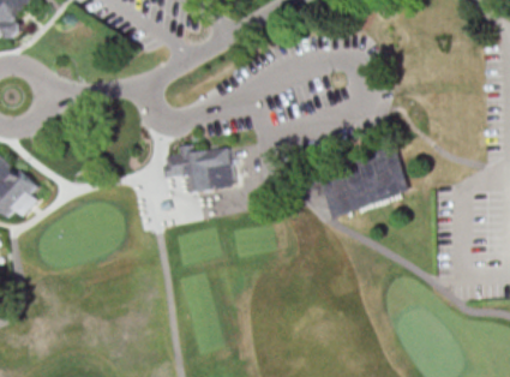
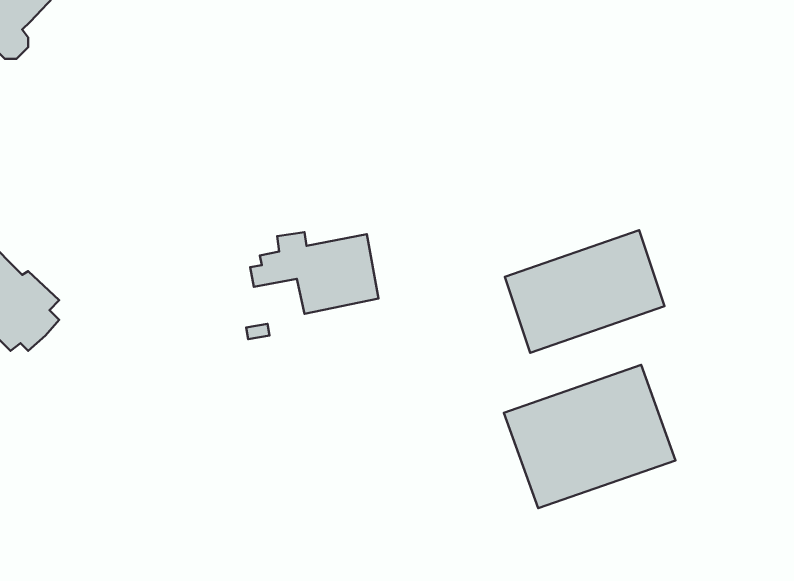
building: none -> [504,365,675,508]

